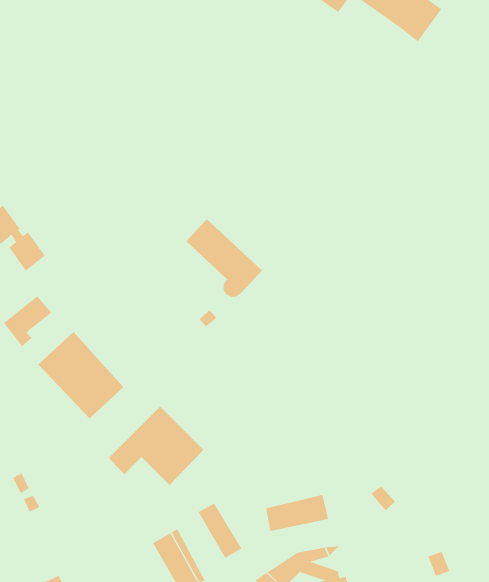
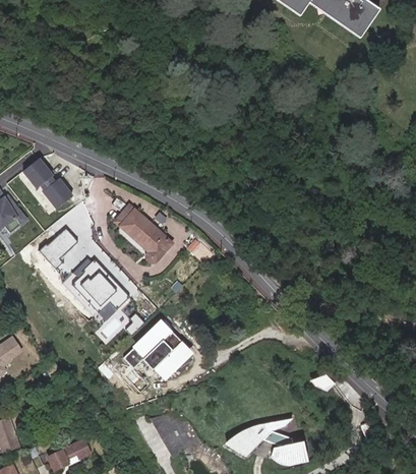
building: [186,218,263,297] -> [113,202,172,262]
building: [266,494,328,532] -> none
building: [198,503,242,559] -> none

